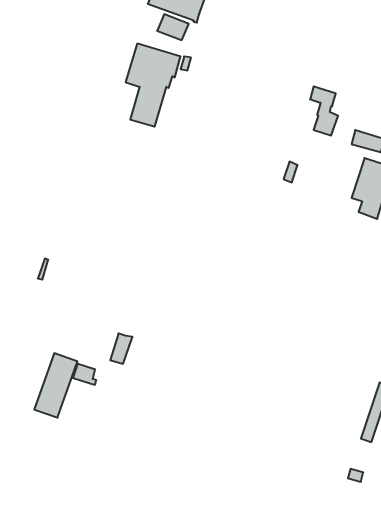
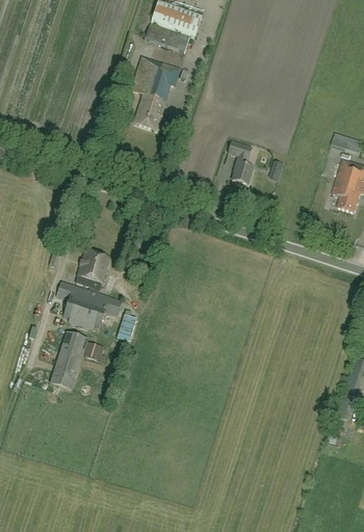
building: [310,86,338,136] -> [228,141,253,185]
building: none -> [56,251,122,328]

